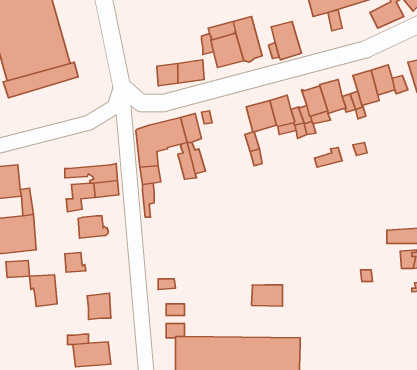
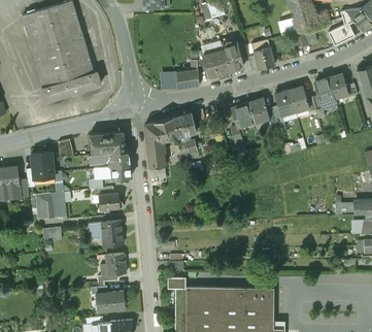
building: none -> [90,132,125,156]
building: [29,275,57,306] -> [101,221,123,245]
building: [251,285,283,306] -> none

